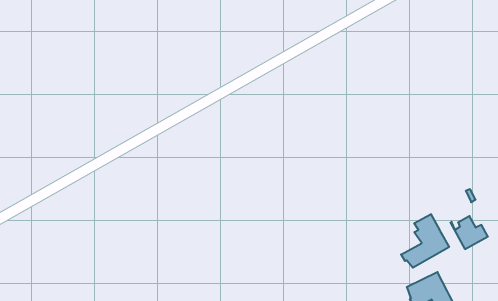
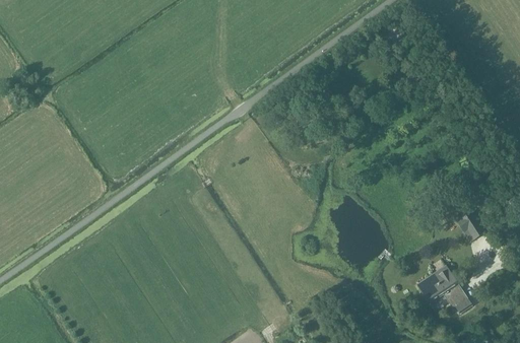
building: [401,214,449,268] -> none

